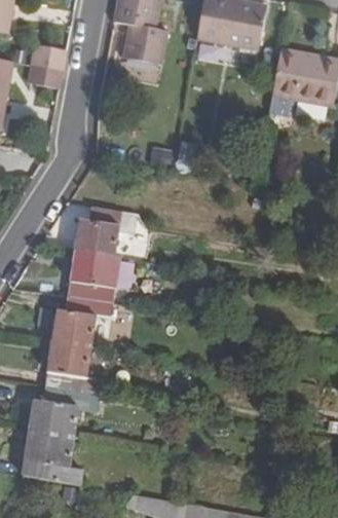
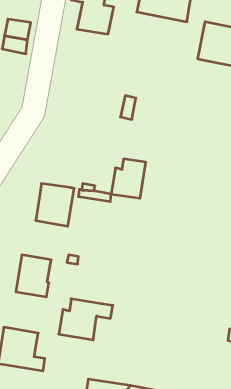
building: [77,207,120,256] -> [111,159,146,198]
building: [52,297,110,346] -> none
building: [30,386,98,438] -> [59,299,113,340]

